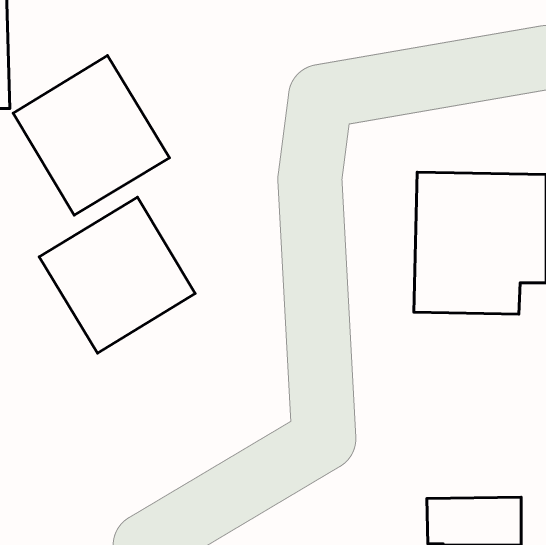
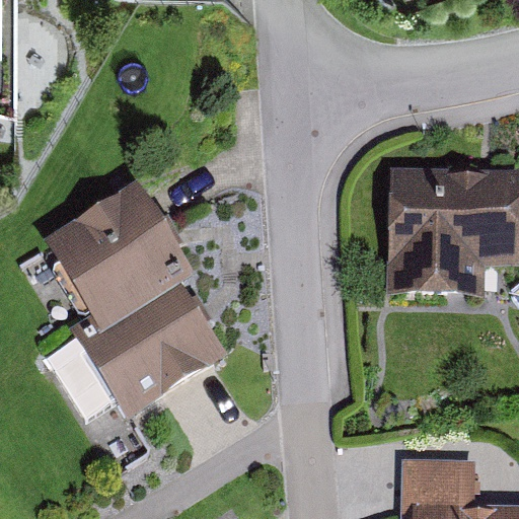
building: [13,55,169,215] -> none
building: none -> [84,280,231,419]

